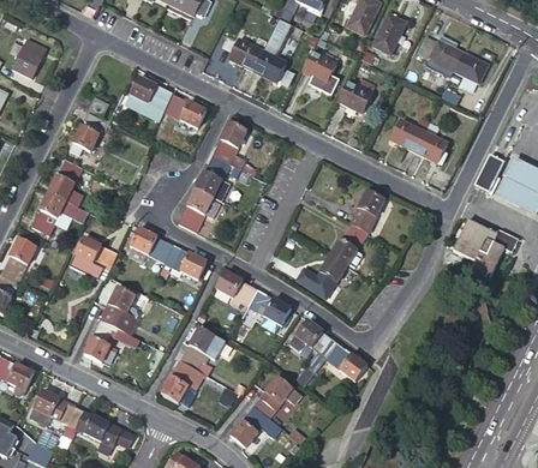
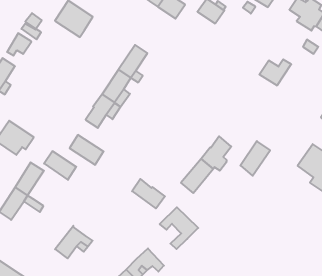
building: [339,78,375,112] -> none
building: [163,92,205,127] -> none
building: [414,121,447,163] -> none
building: [349,190,384,234] -> [240,141,270,176]
building: [131,228,172,262] -> [44,151,76,180]
building: [215,270,257,311] -> none
building: [180,326,225,370] -> none
building: [325,342,366,380] -> none

